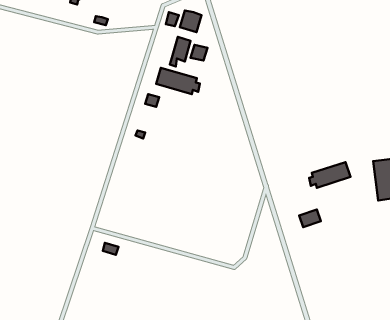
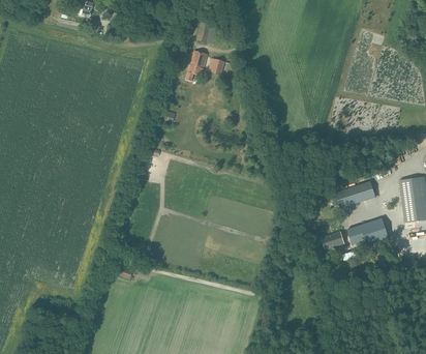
building: [156,68,200,94] -> none
building: none -> [347,217,390,245]

